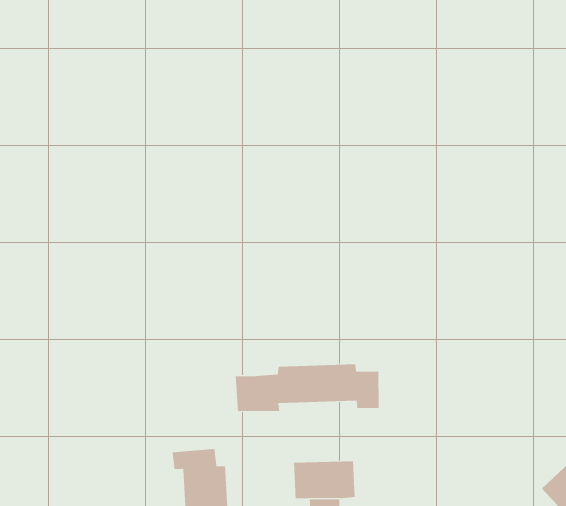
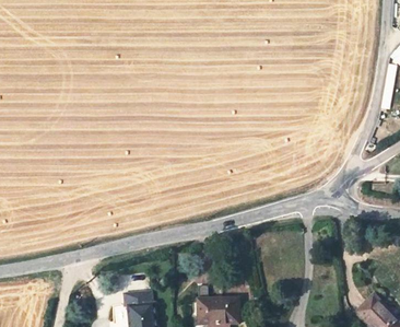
building: [235,363,379,412] -> none

